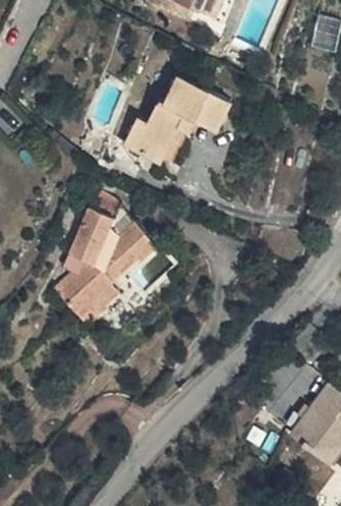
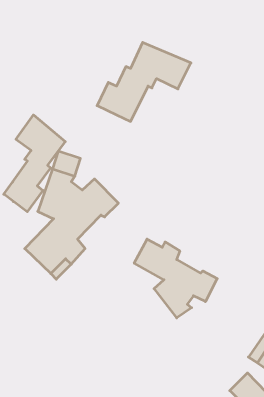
building: none -> [4,115,65,212]
building: none -> [134,239,217,318]

